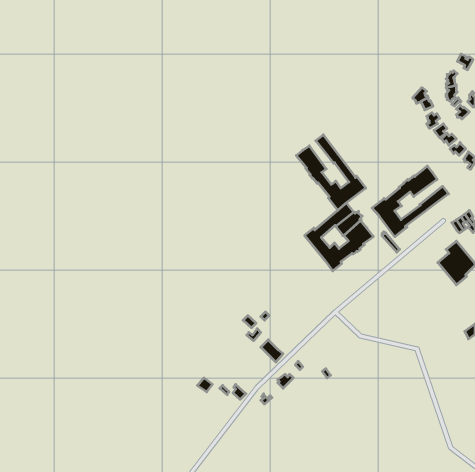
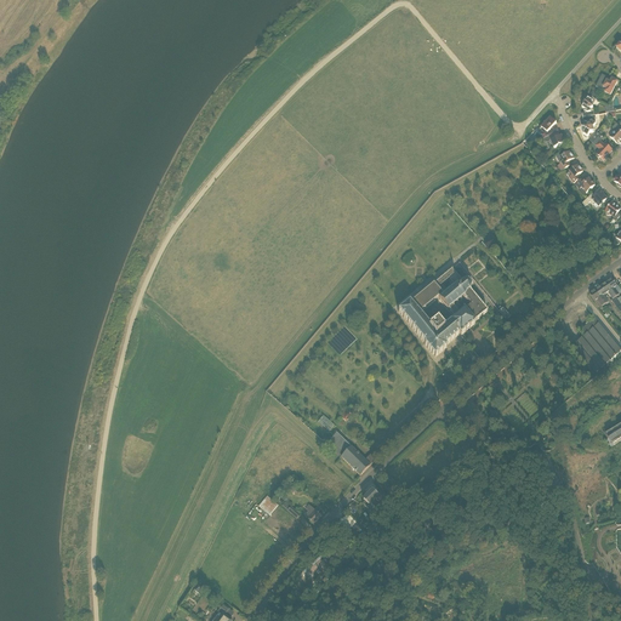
building: [296,135,366,210] -> none
building: [372,166,449,237] -> none

